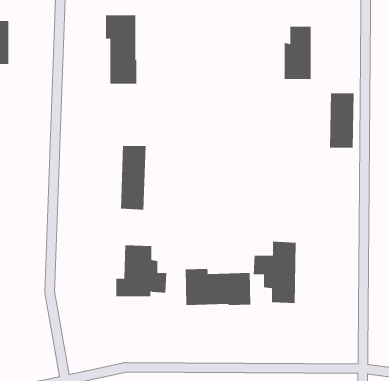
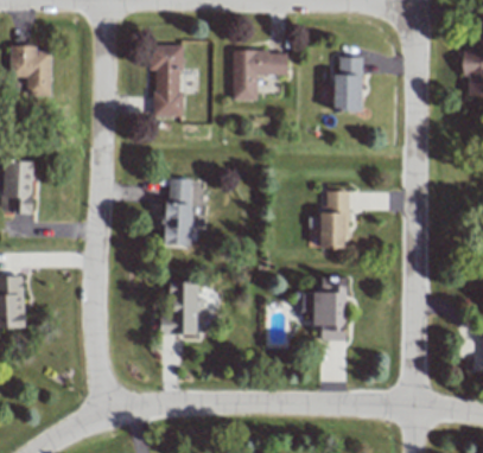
building: none -> [234,50,288,101]
building: [329,93,354,148] -> [323,191,349,248]
building: [185,268,251,306] -> none

